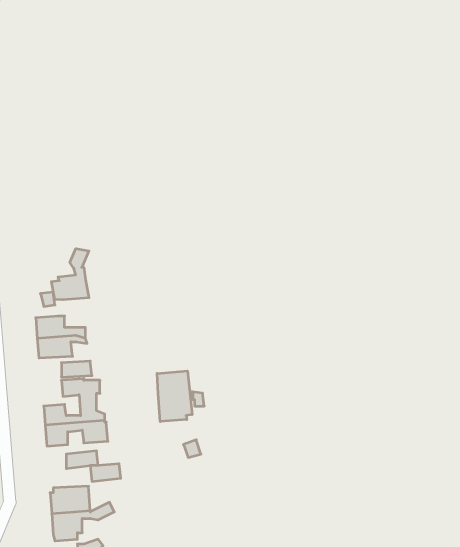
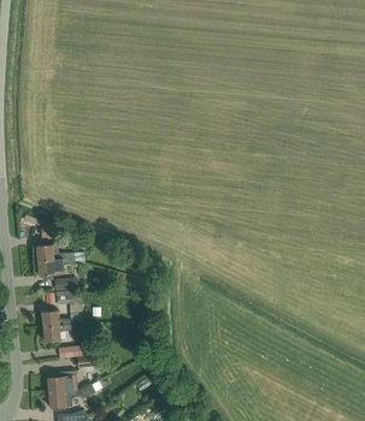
building: [51,249,89,300] -> none
building: [157,371,192,422] -> none

